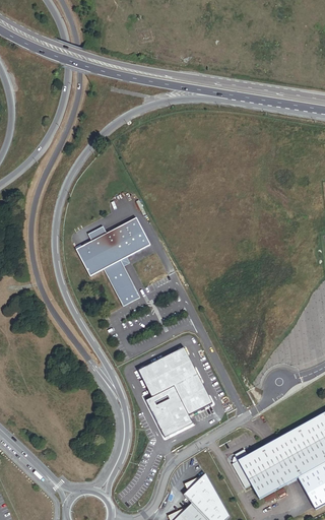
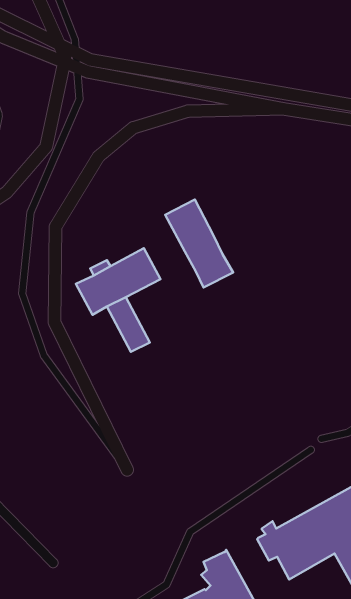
building: none -> [165,200,233,288]
building: [138,346,213,438] -> none

